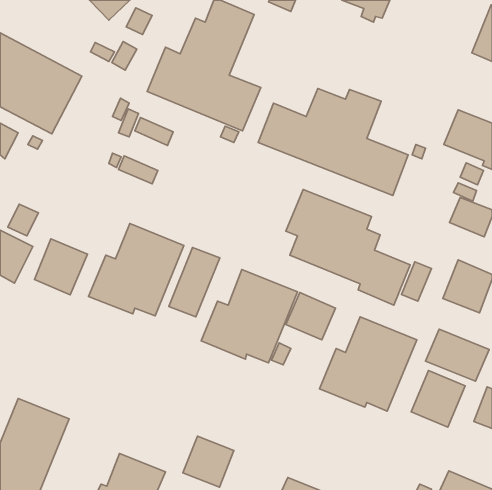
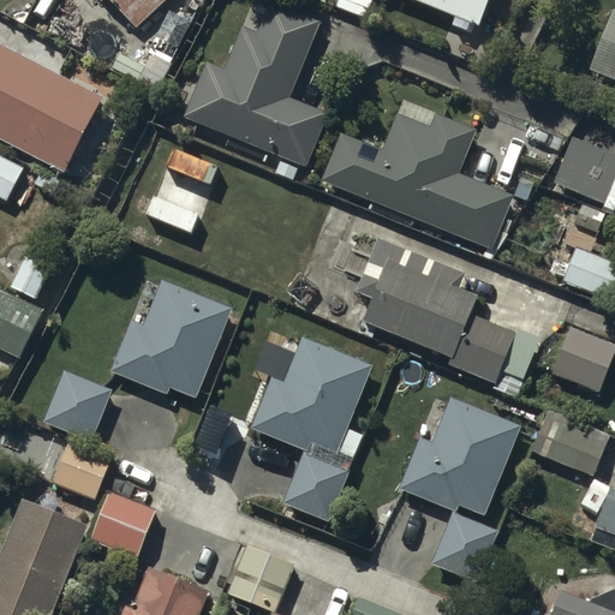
building: [34,239,87,295] -> [43,371,109,441]
building: [169,248,220,317] -> none
building: [286,293,336,340] -> none
building: none -> [53,441,111,498]
building: none -> [282,452,348,521]
building: [411,370,465,427] -> [430,512,497,583]
building: none -> [91,491,155,555]

